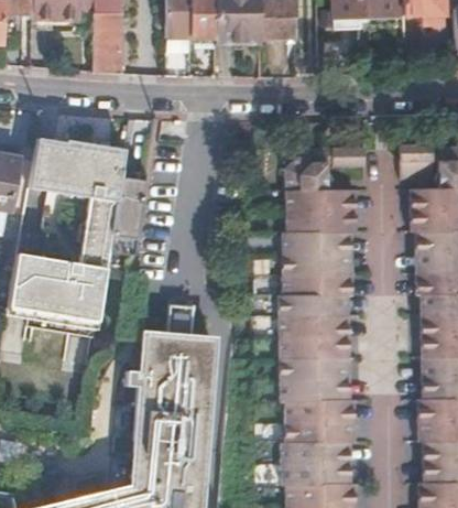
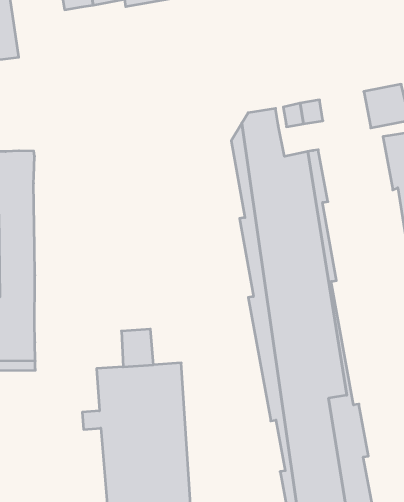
building: [106,176,142,256] -> none

